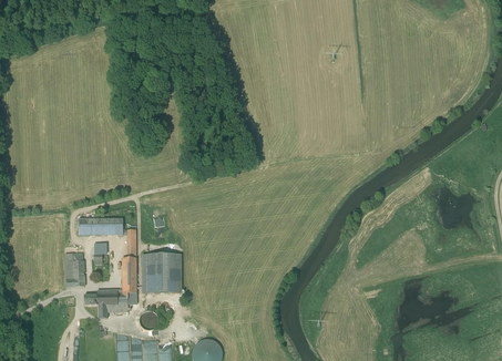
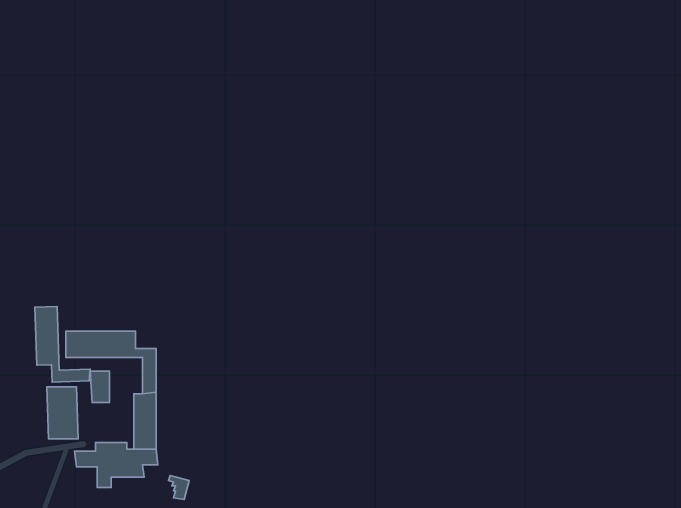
building: none -> [35,306,90,382]
building: [144,255,180,293] -> none

